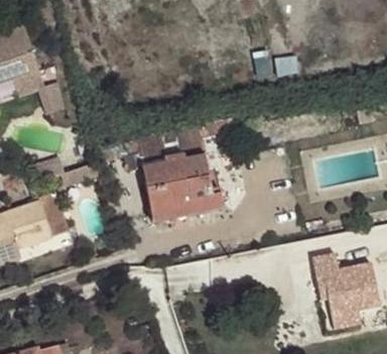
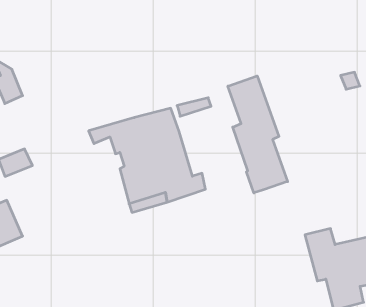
building: none -> [228,76,288,193]

